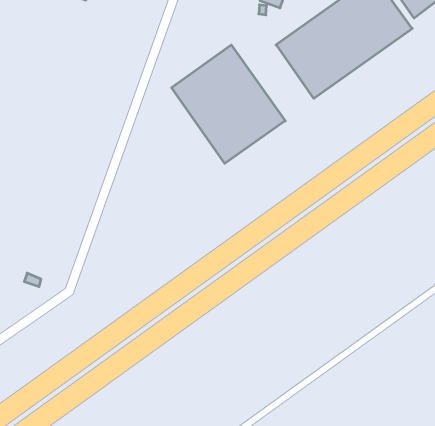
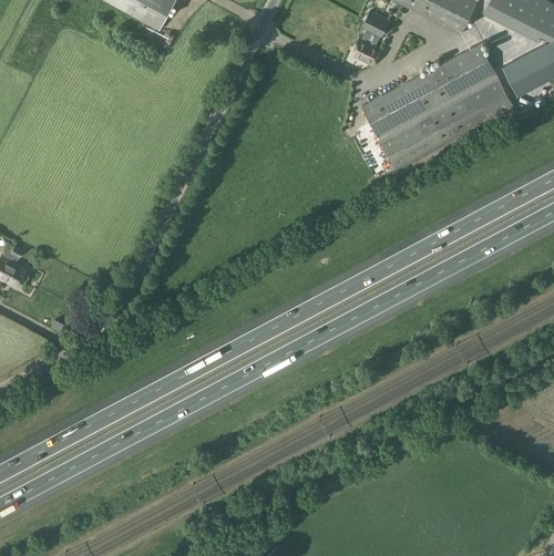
building: [172,45,285,163] -> none

